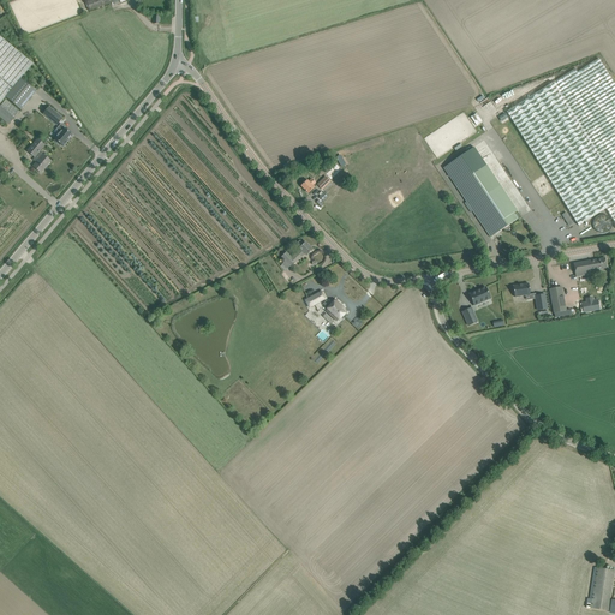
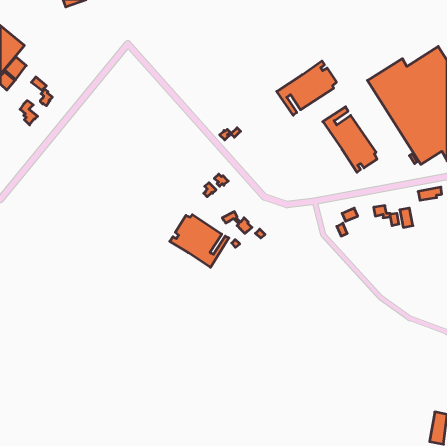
building: none -> [277,61,336,115]
building: none -> [170,215,229,267]

